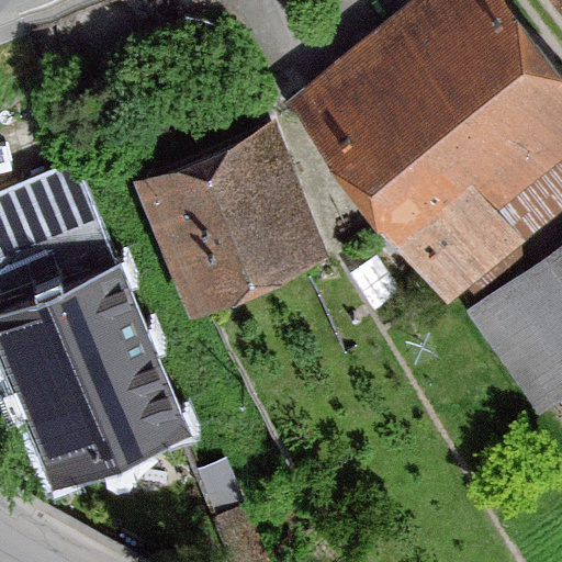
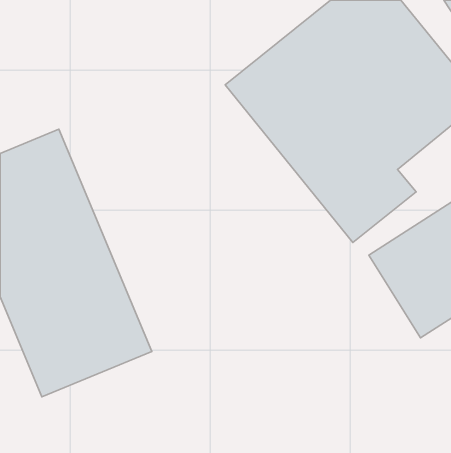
building: [137,128,323,315] -> none

